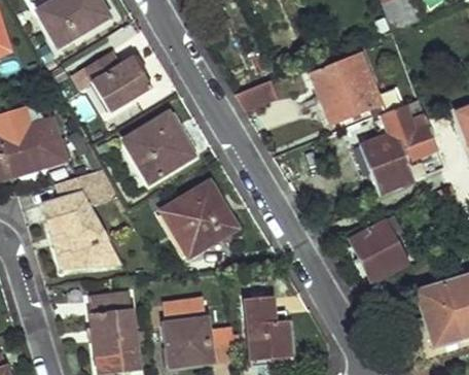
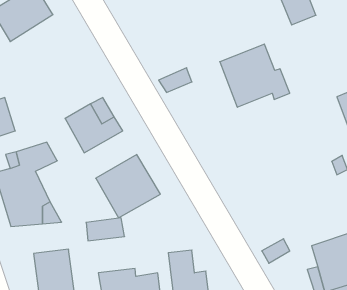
building: [84,54,152,114] -> none
building: [358,100,443,196] -> none
building: [350,224,404,281] -> none
building: [161,295,207,321] -> [86,218,125,241]

